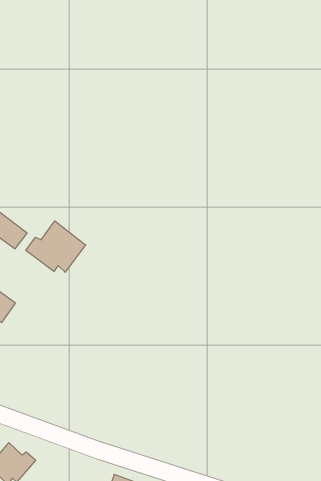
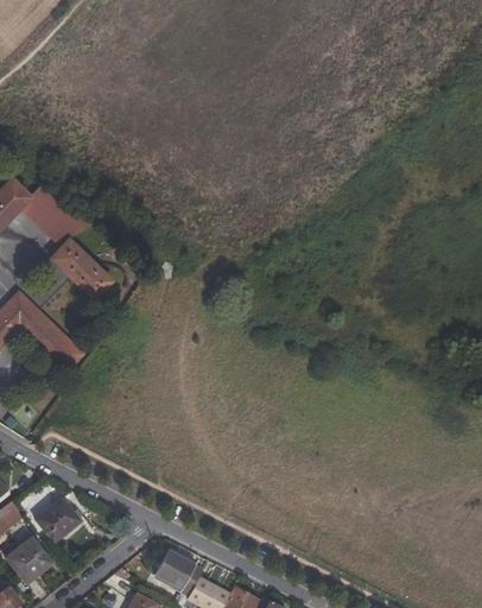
building: [26,221,86,272] -> none

